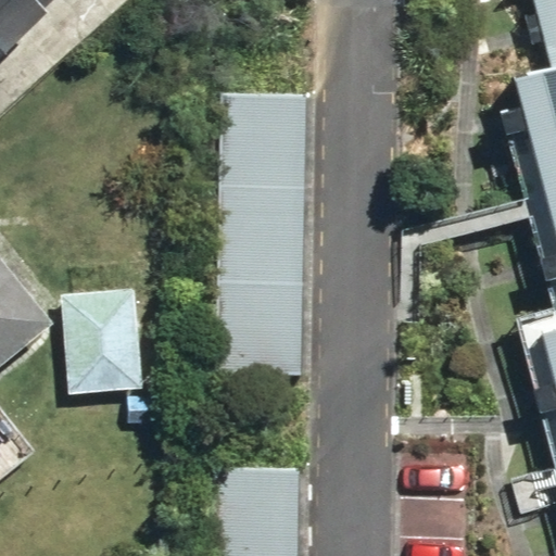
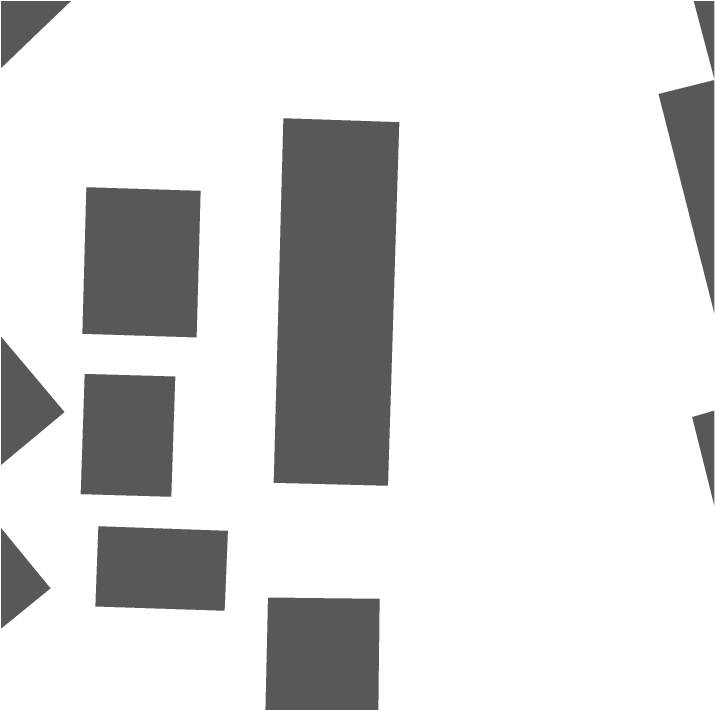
building: none -> [81,187,201,338]
building: none -> [94,526,229,612]

